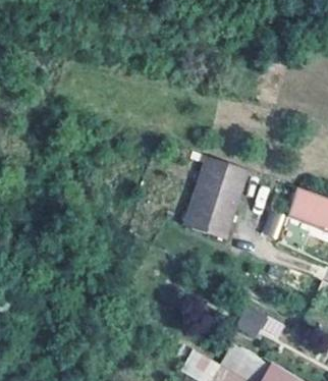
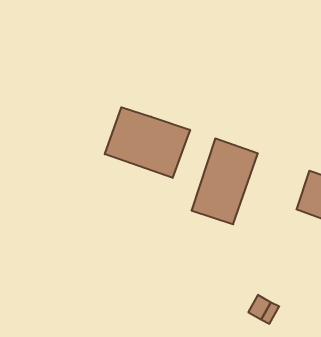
building: none -> [105,107,190,178]

